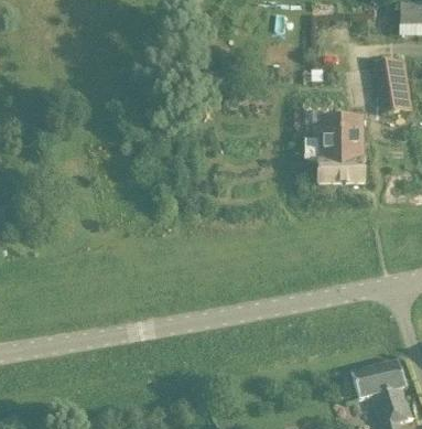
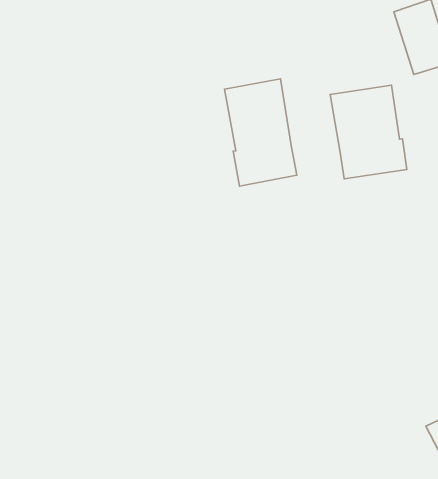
building: none -> [225,79,297,186]

